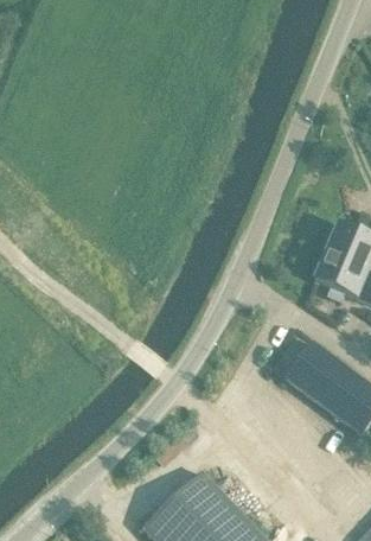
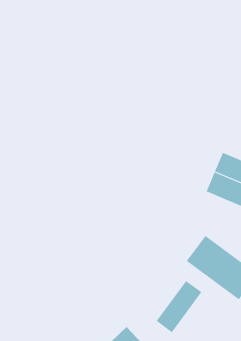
building: none -> [156,280,202,333]

